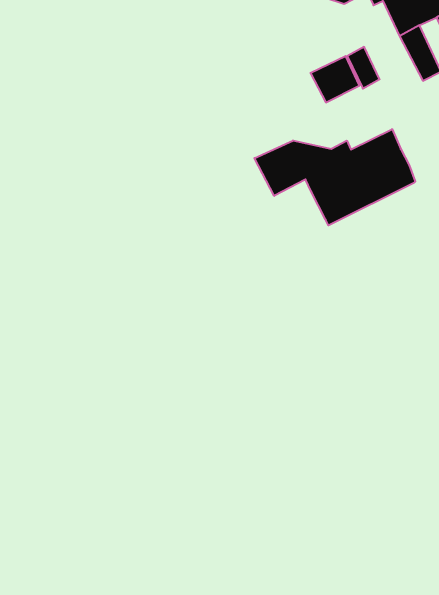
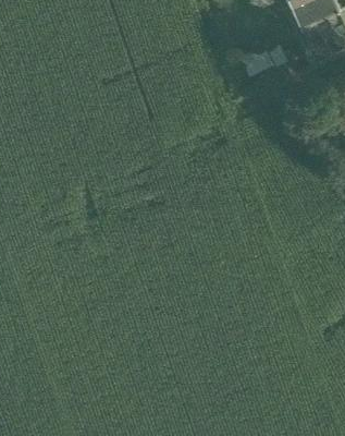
building: [254,129,415,225] -> none

